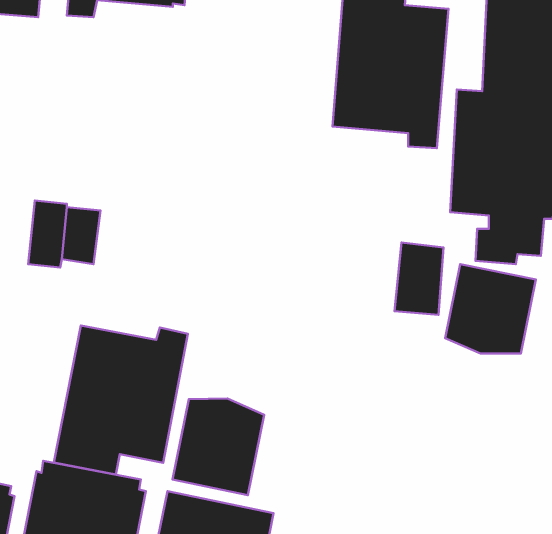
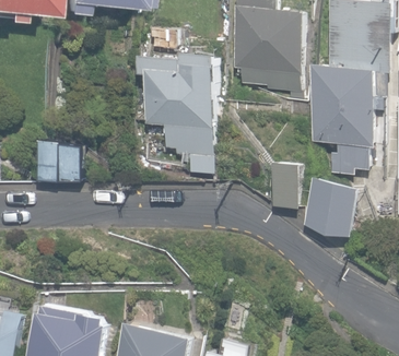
building: none -> [139,52,216,173]
building: [54,326,188,475] -> none
building: [172,398,264,495] -> none

